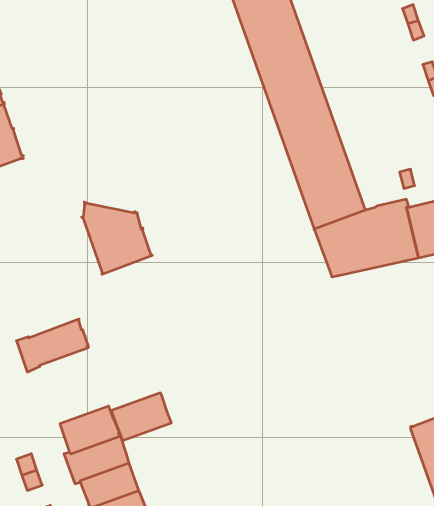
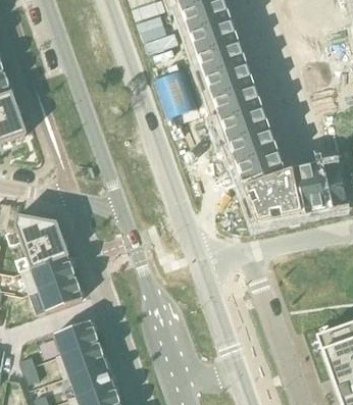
building: [82,202,152,274] -> [14,214,67,268]
building: [112,393,171,441] -> [38,275,83,311]

